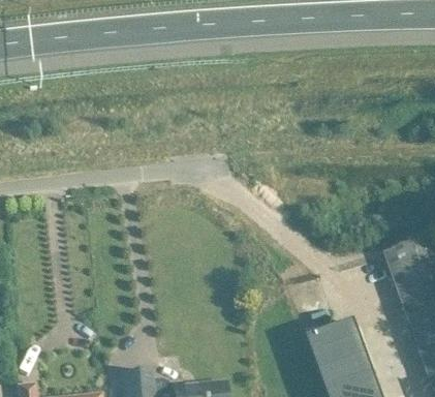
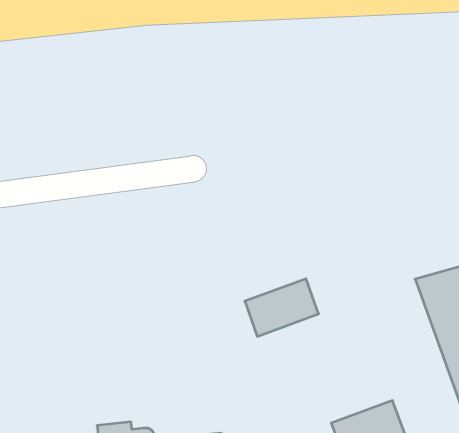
building: [306,325,367,372] -> [245,279,319,336]

